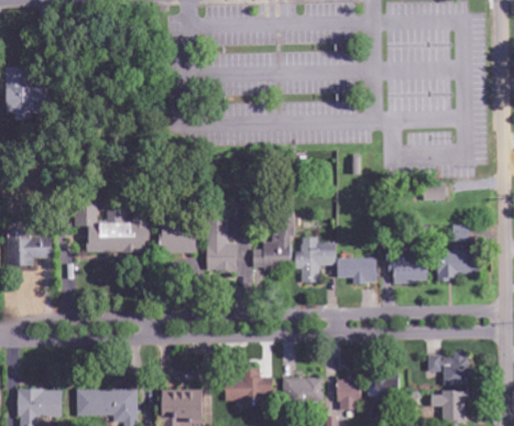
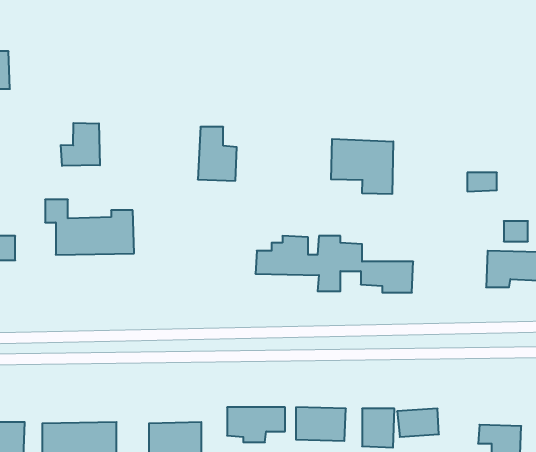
building: none -> [61,123,100,166]
building: none -> [331,139,393,194]
building: [164,225,198,252] -> none
building: [206,228,238,272] -> [198,127,237,181]
building: [387,255,429,283] -> none
building: [427,354,469,384] -> none

